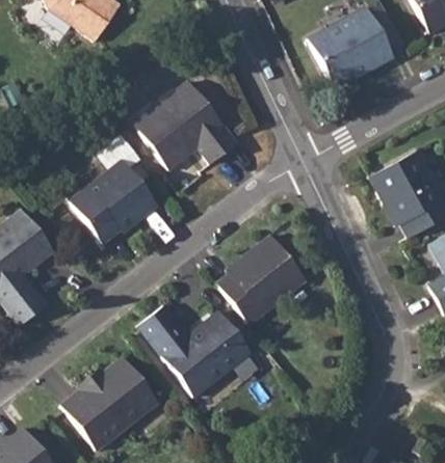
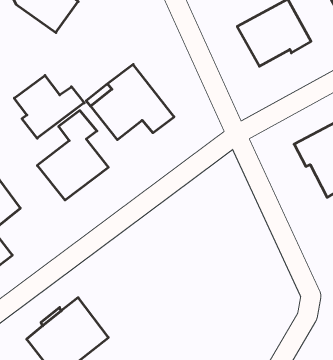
building: none -> [14,75,84,138]
building: [217,235,304,320] -> none
building: [136,305,248,396] -> none

